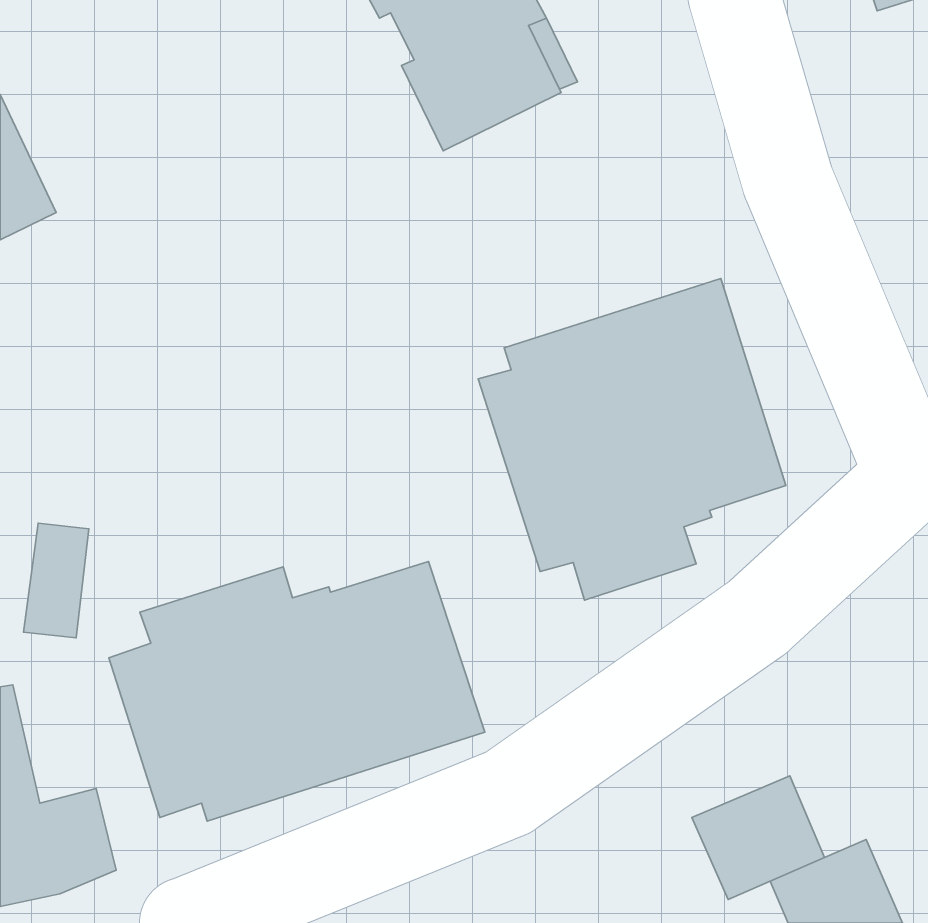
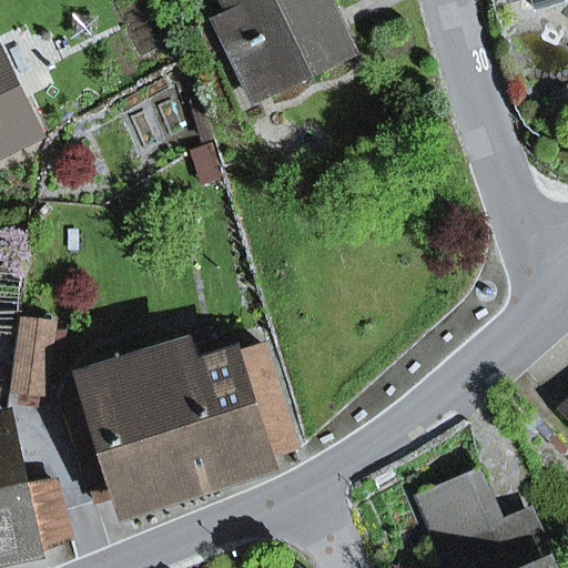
building: [478,279,786,600] -> none

